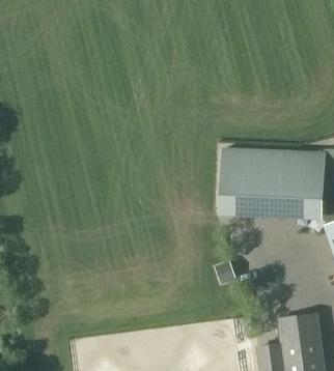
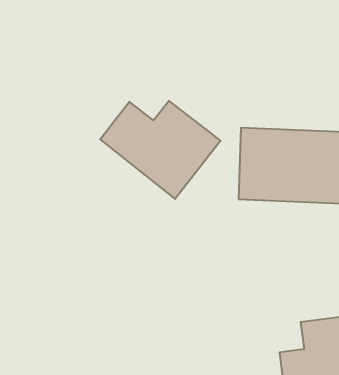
building: none -> [100,101,221,199]

